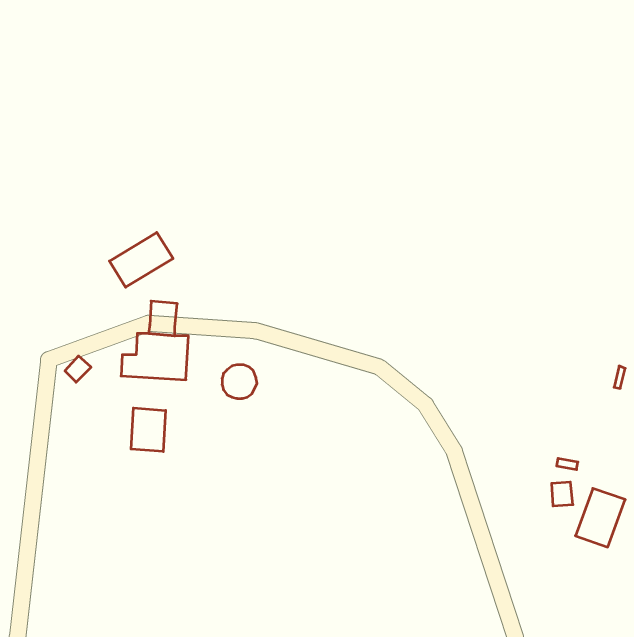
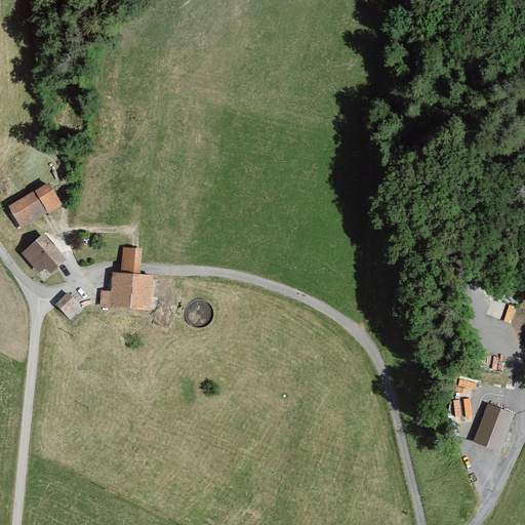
building: [109,232,173,287] -> [6,183,58,228]
building: none -> [18,233,64,273]
building: [131,408,166,452] -> none

